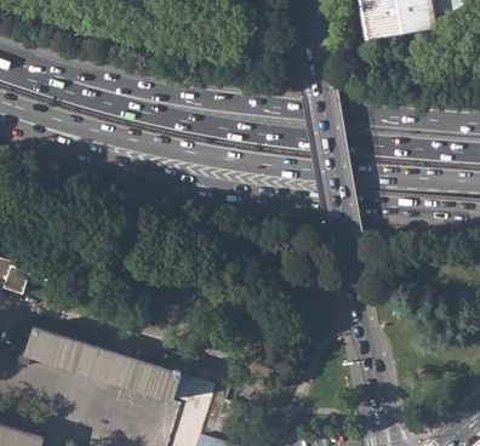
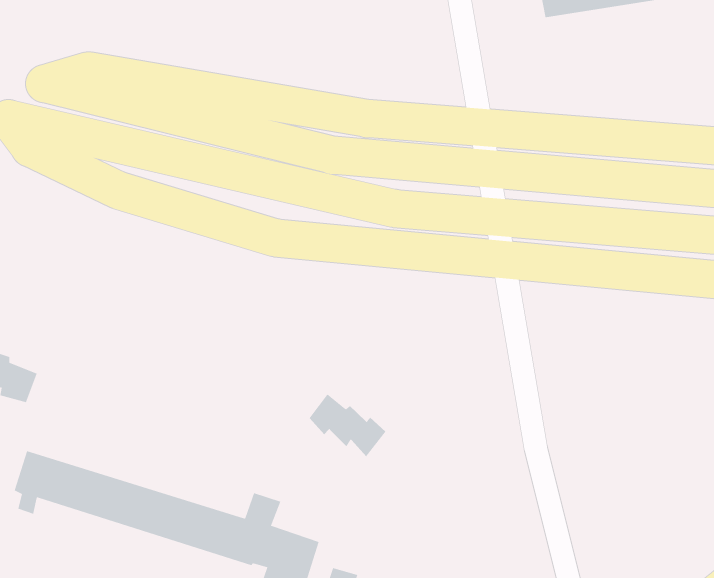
building: none -> [309,393,386,457]

